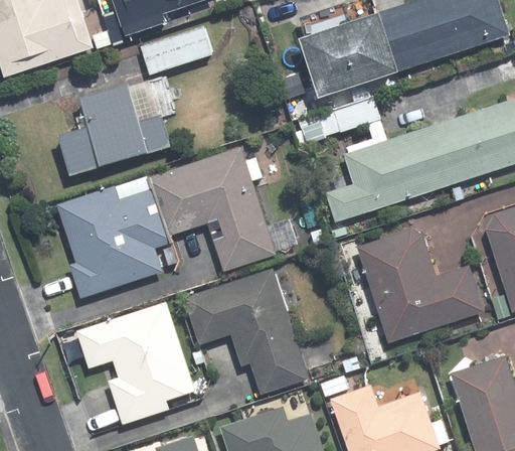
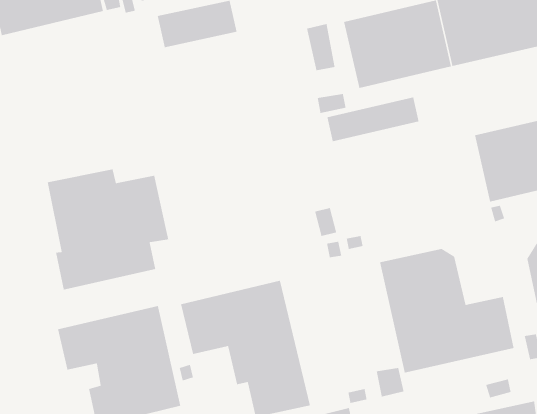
building: [59,83,172,174] -> none
building: [325,126,449,221] -> none
building: [148,146,276,271] -> none

